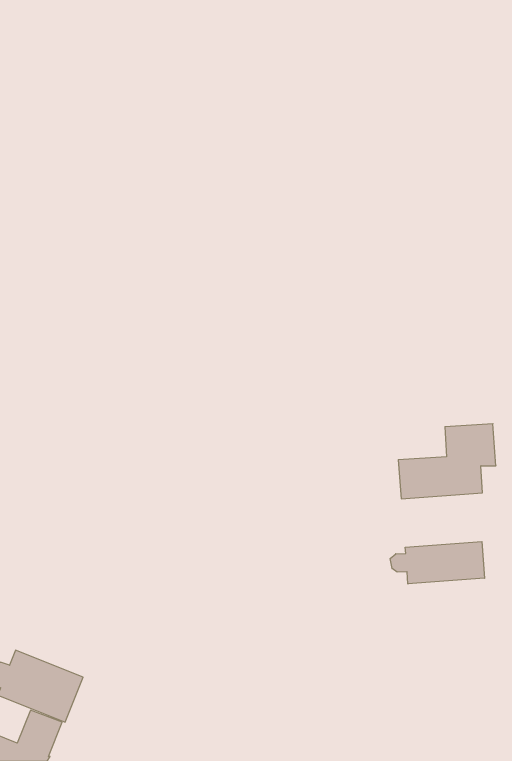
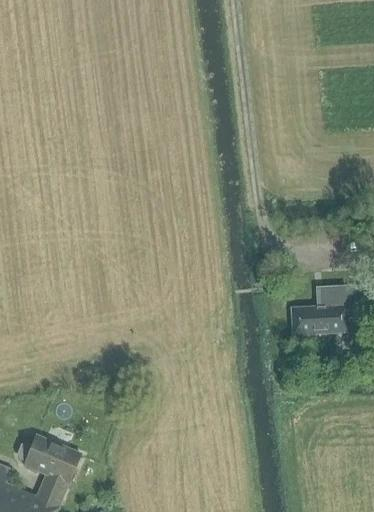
building: [390,542,485,584] -> none

